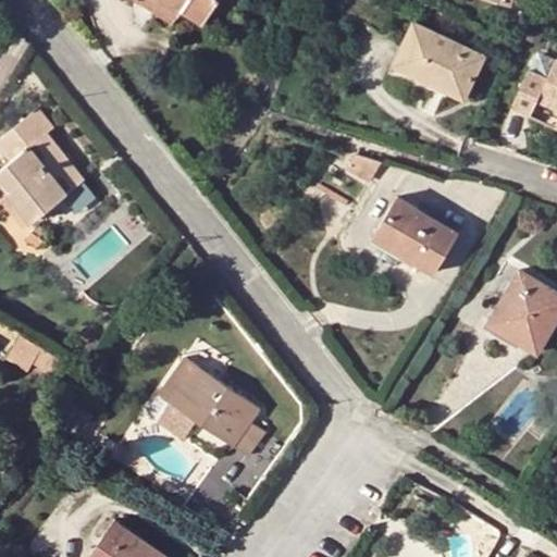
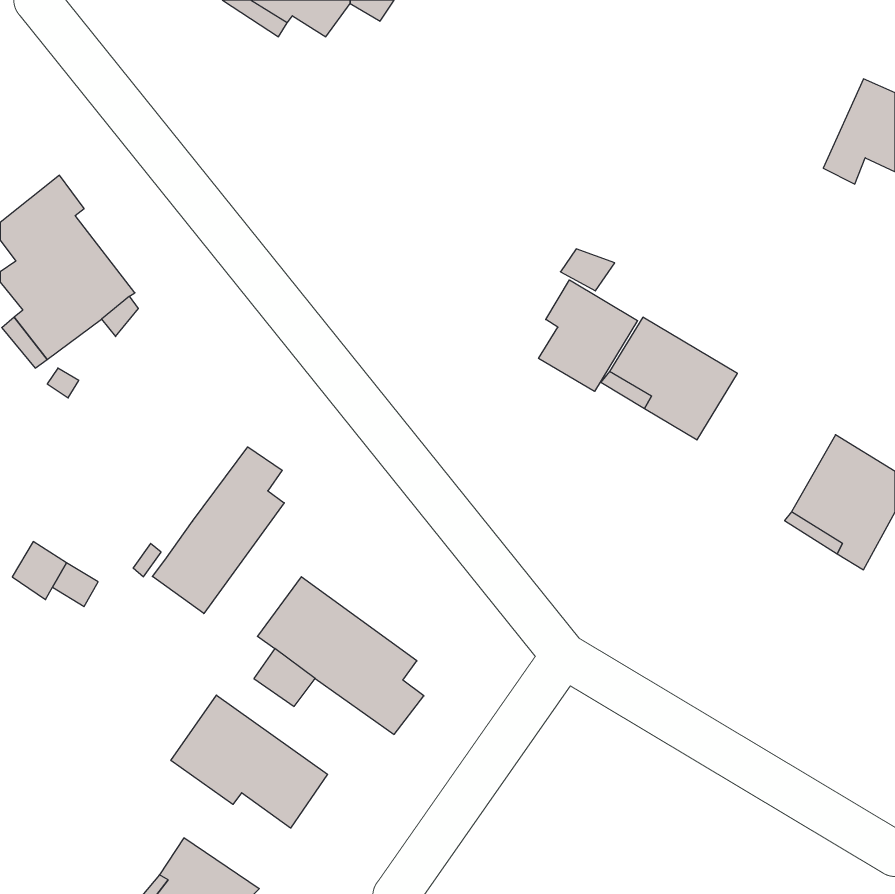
building: [396,23,483,98] -> none
building: none -> [539,280,638,391]
building: none -> [152,447,284,614]
building: none -> [171,695,328,828]

